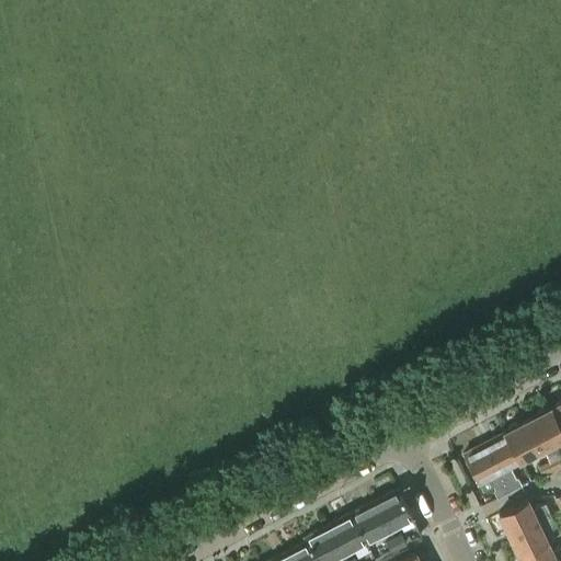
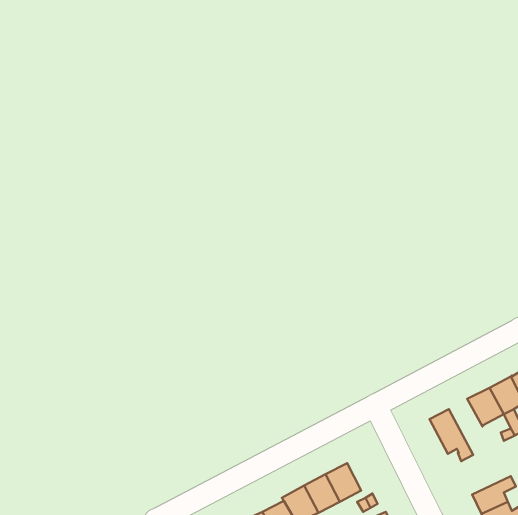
building: [485,435,524,495] -> none
building: [376,492,415,534] -> none
building: [501,503,552,538] -> none

